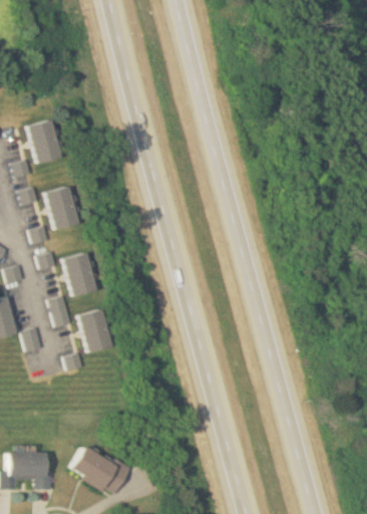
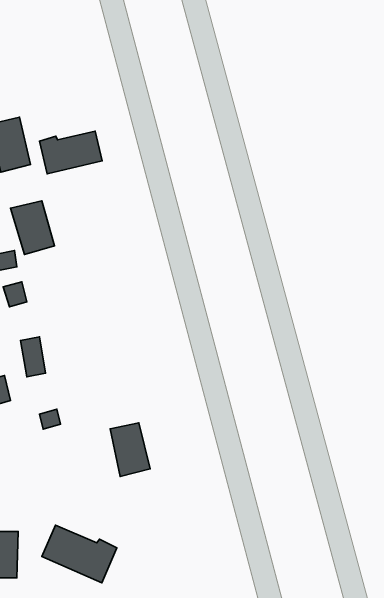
building: none -> [40,131,102,174]
building: [64,253,96,295] -> none
building: [80,309,112,352] -> [110,423,150,476]

